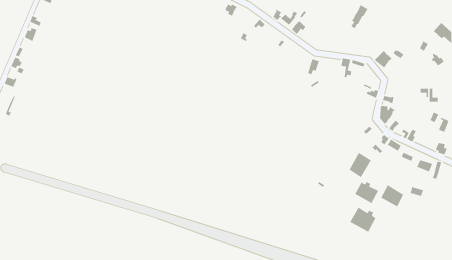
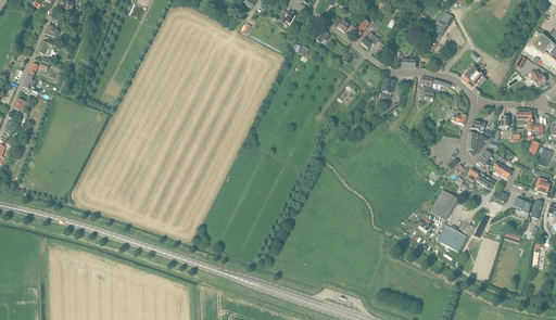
building: [380,184,404,207] -> none
building: [349,207,376,233] -> none

